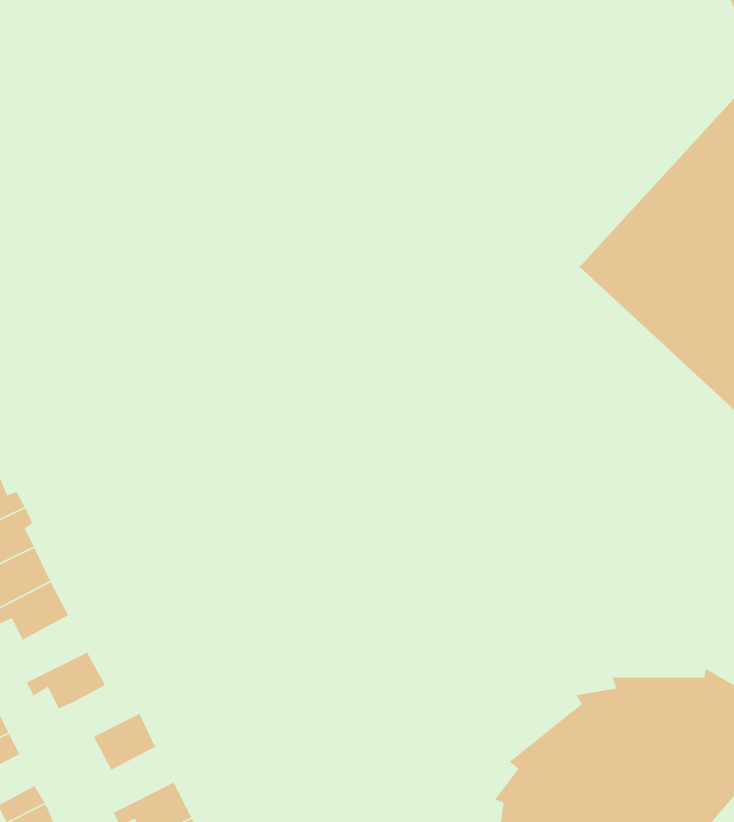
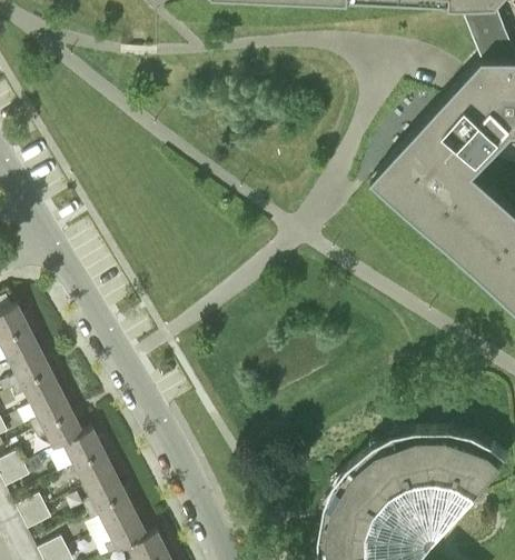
building: none -> [31,396,73,437]
building: none -> [66,433,106,470]
building: none -> [85,477,127,517]

